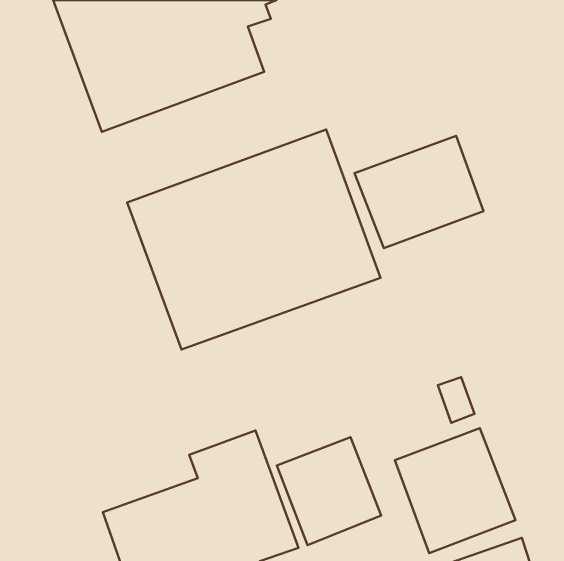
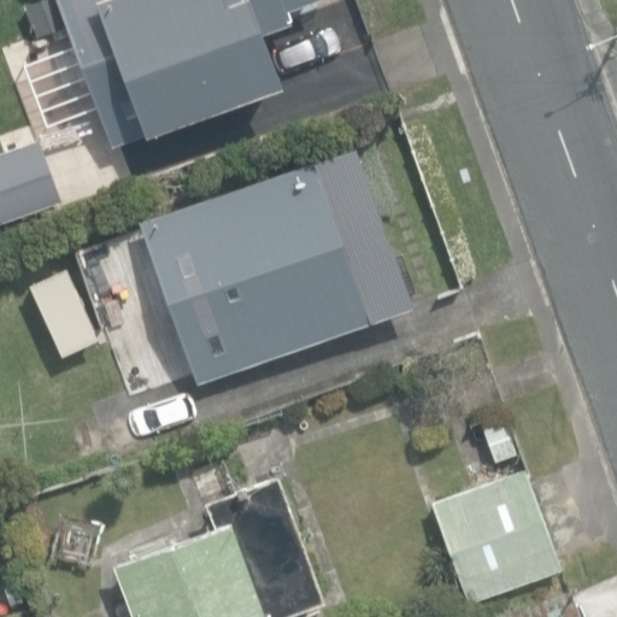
building: [355,136,484,248] -> none
building: [277,437,381,545] -> none

